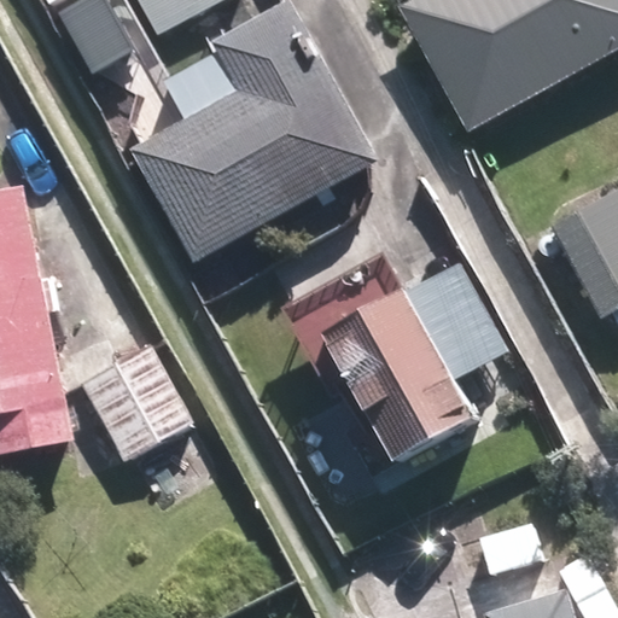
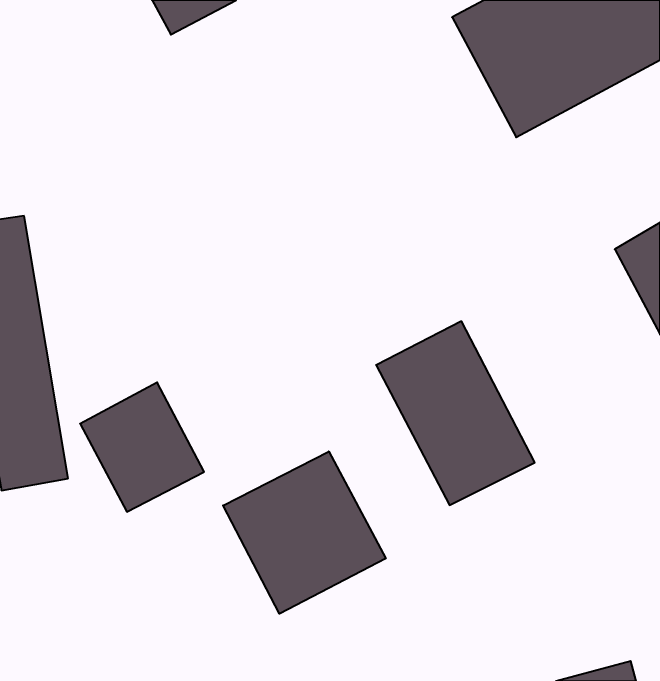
building: [145,18,369,253] -> none
building: none -> [223,451,386,614]

